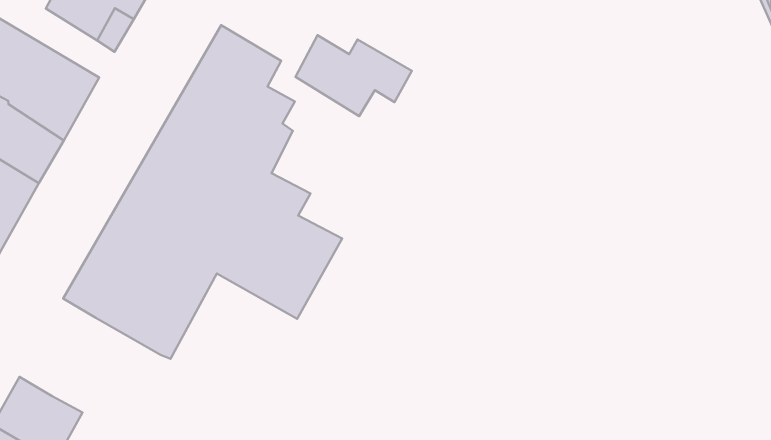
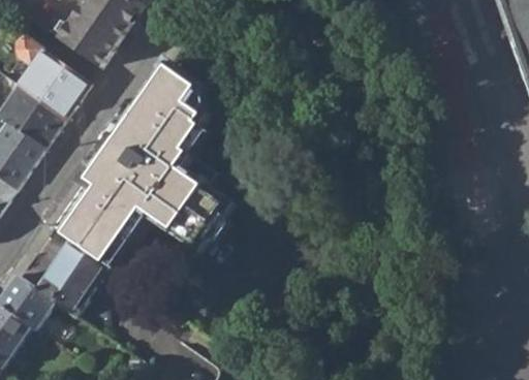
building: [296,35,412,116] -> none
building: none -> [36,237,108,311]

